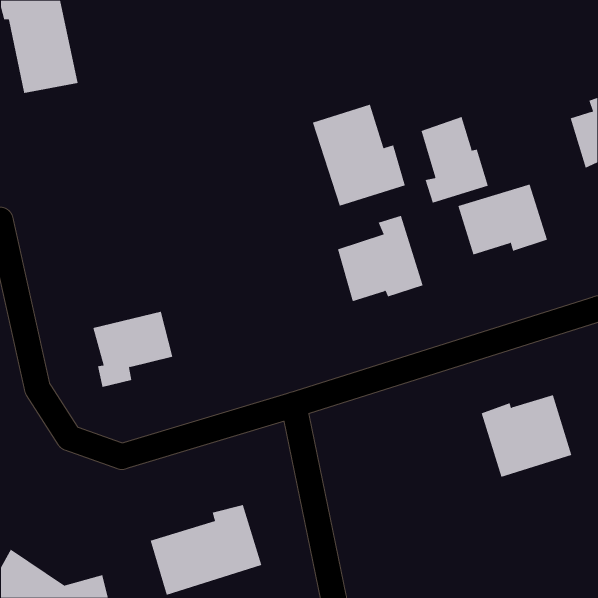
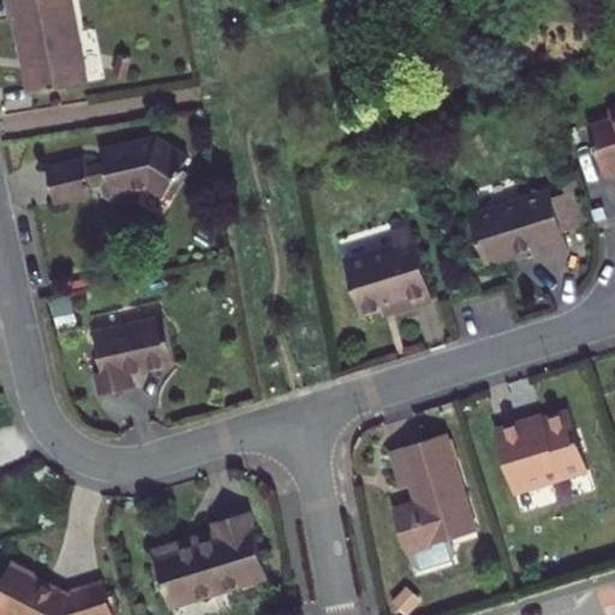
building: [312,104,406,207] -> none
building: [421,116,488,203] -> none
building: none -> [43,138,184,201]
building: none -> [388,428,476,563]

